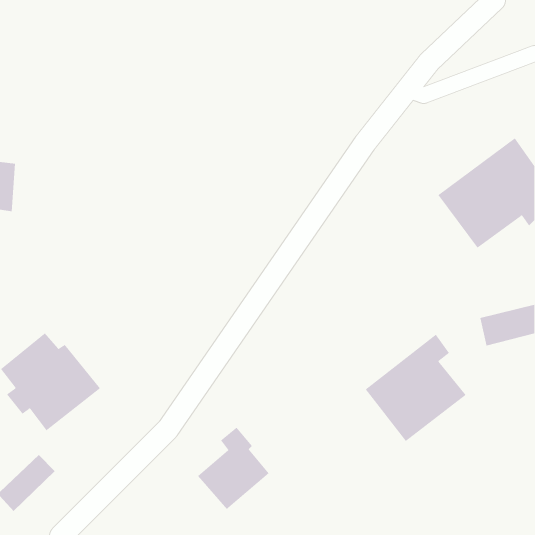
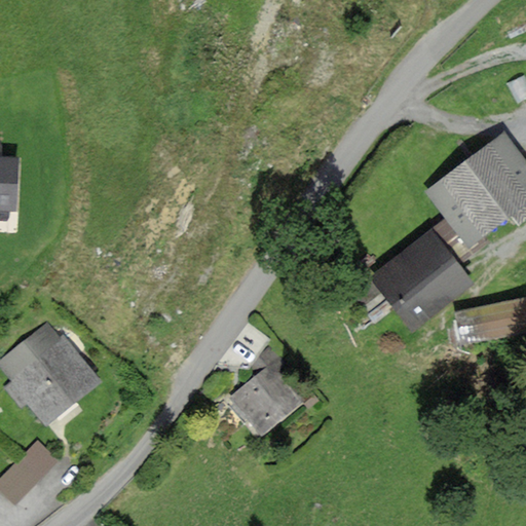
building: [365,334,466,442] -> [372,222,472,328]
building: [197,427,269,510] -> [233,350,304,431]

